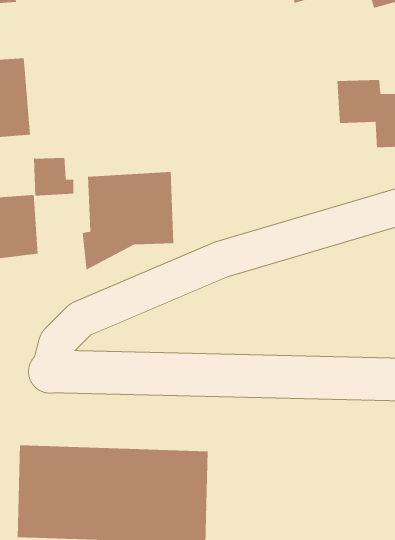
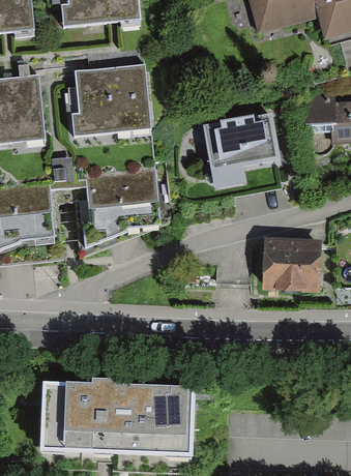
building: none -> [70,64,151,135]
building: none -> [208,113,282,185]
building: none -> [263,240,322,292]

